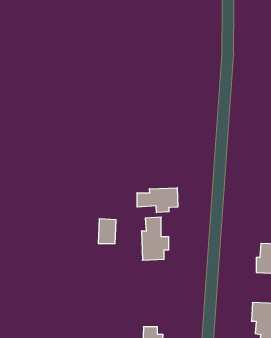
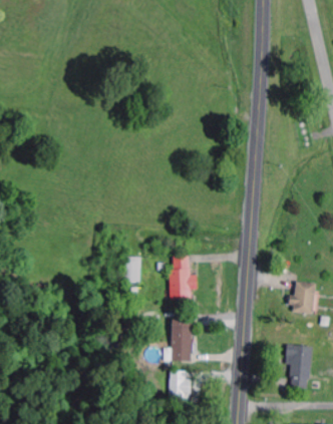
building: [137,188,178,213] -> none
building: none -> [172,321,193,358]

